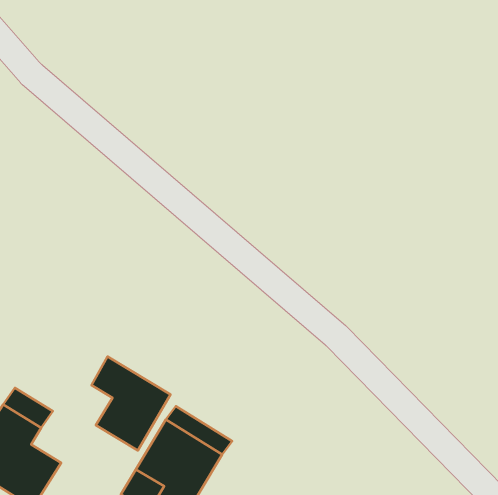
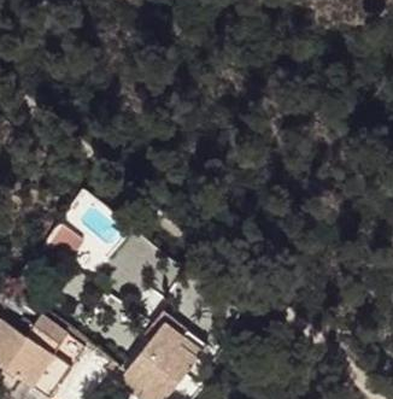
building: [91,356,171,450] -> none

